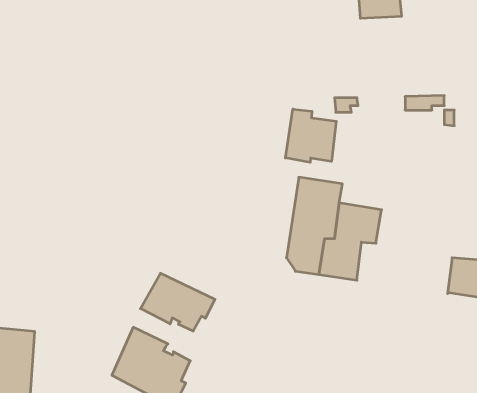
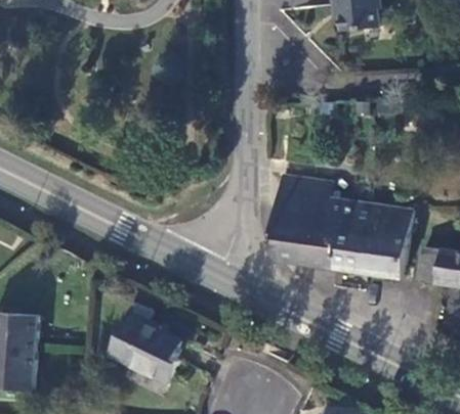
building: [285,109,336,162] -> none
building: none -> [336,204,412,278]
building: [140,273,215,331] -> none

